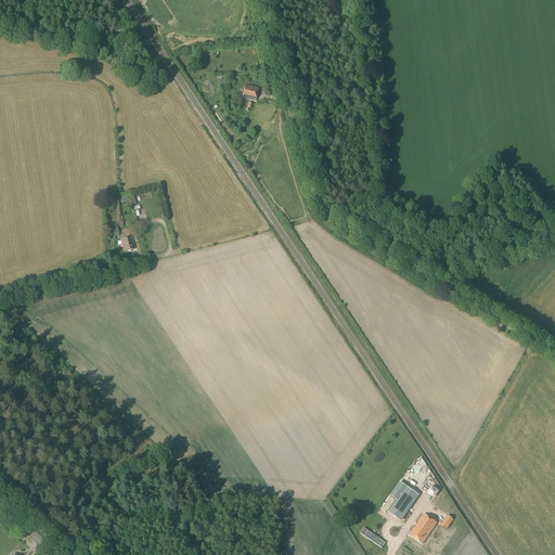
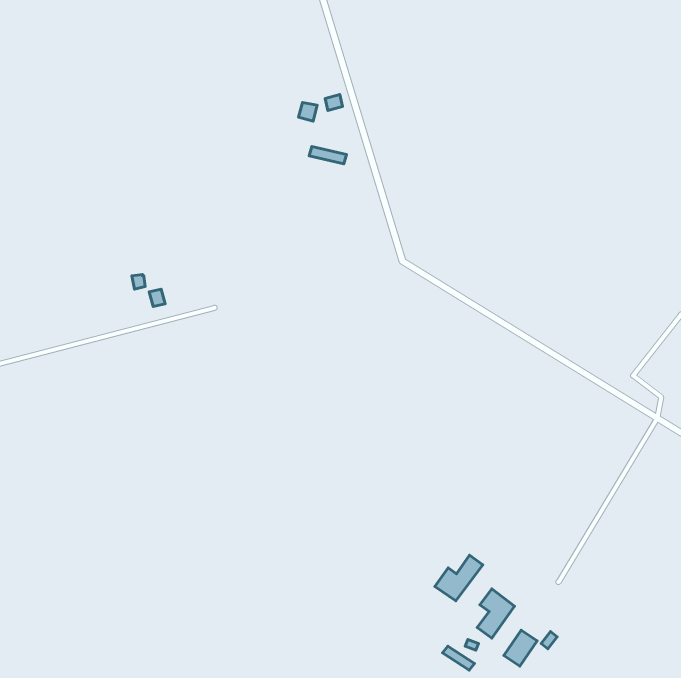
building: none -> [435,555,483,601]

